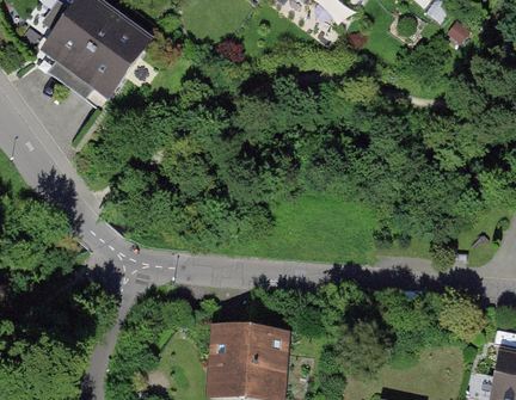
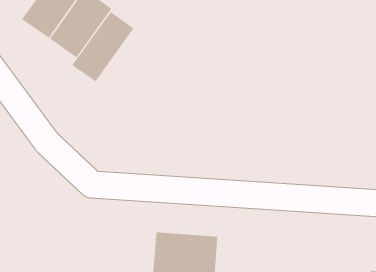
building: none -> [71,11,134,82]

